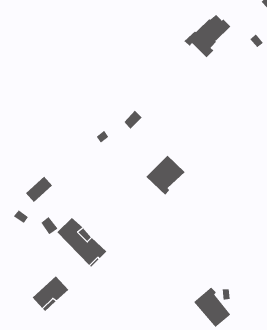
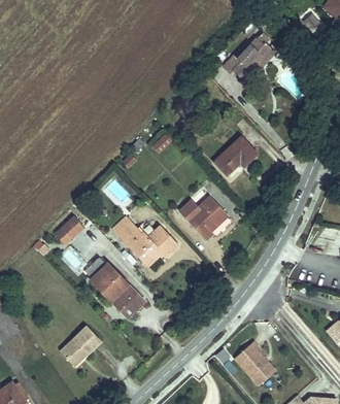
building: none -> [215,138,258,177]
building: none -> [106,213,175,264]

